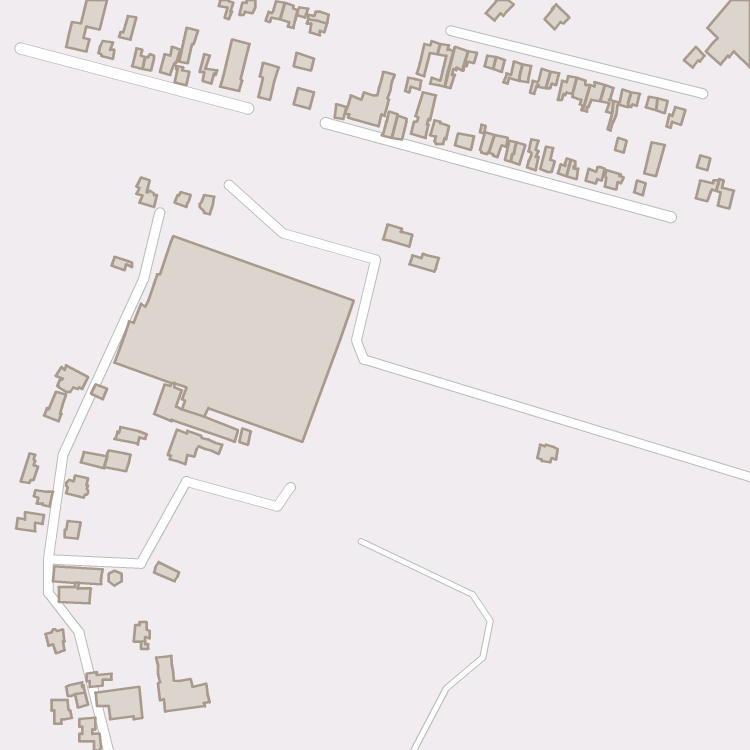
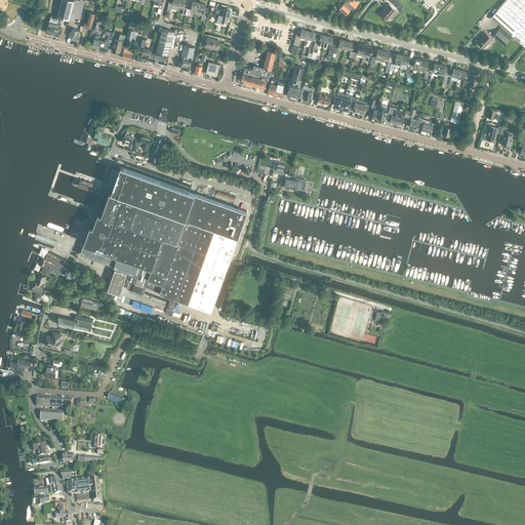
building: [168,430,222,464] -> none
building: [156,656,210,712] -> none

